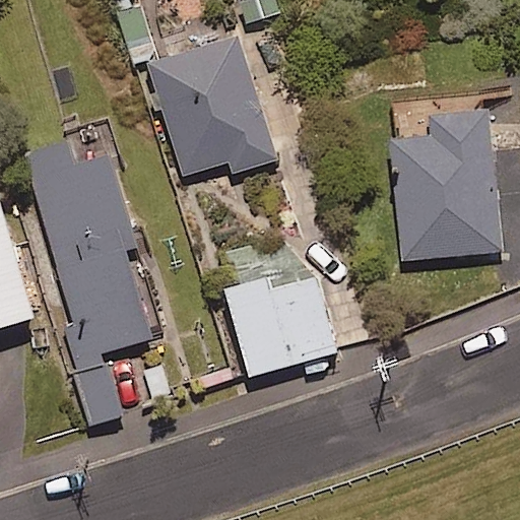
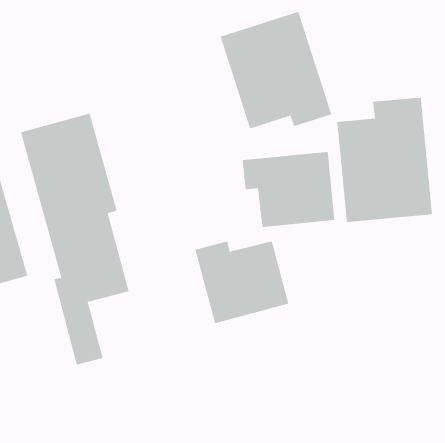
building: [147,38,277,175] -> [220,11,332,129]
building: none -> [242,151,335,228]

